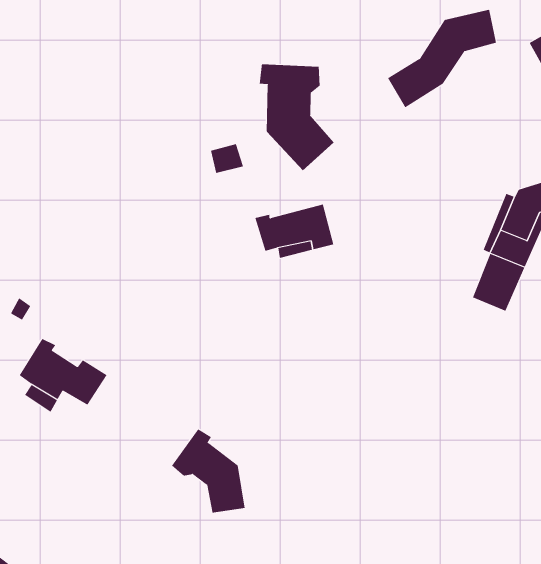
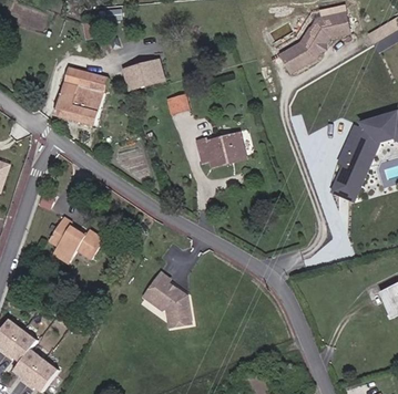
building: [259,64,335,171] -> none
building: none -> [124,61,164,89]
building: none -> [55,66,108,124]

